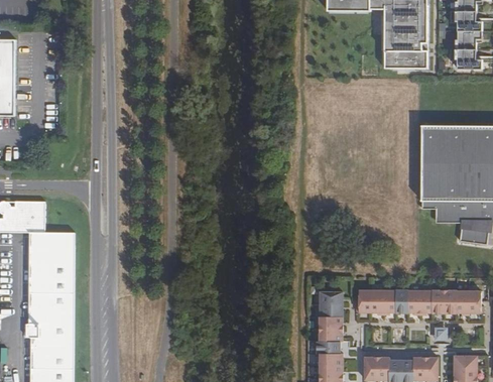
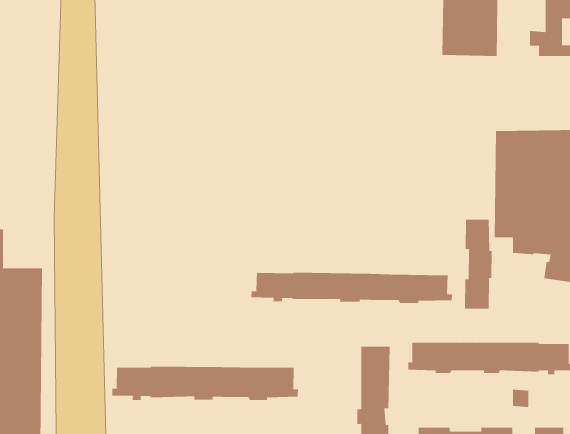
building: none -> [465,219,492,310]
building: none -> [251,272,452,304]
building: none -> [112,366,298,401]

